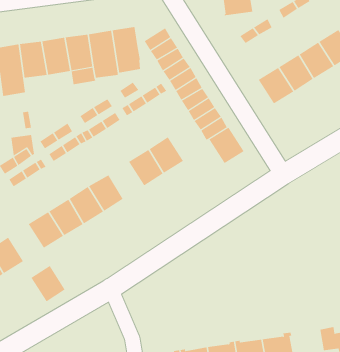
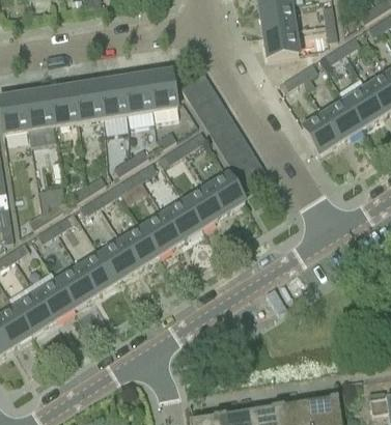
building: [209,127,245,164] -> [206,173,245,212]
building: none -> [143,214,180,253]
building: [31,265,66,302] -> [36,280,74,319]

